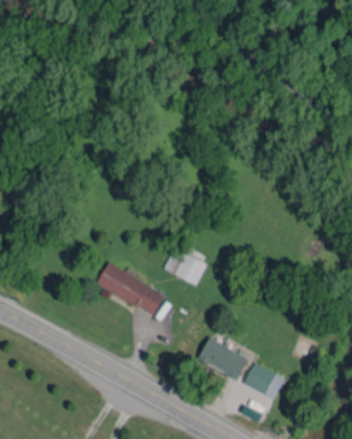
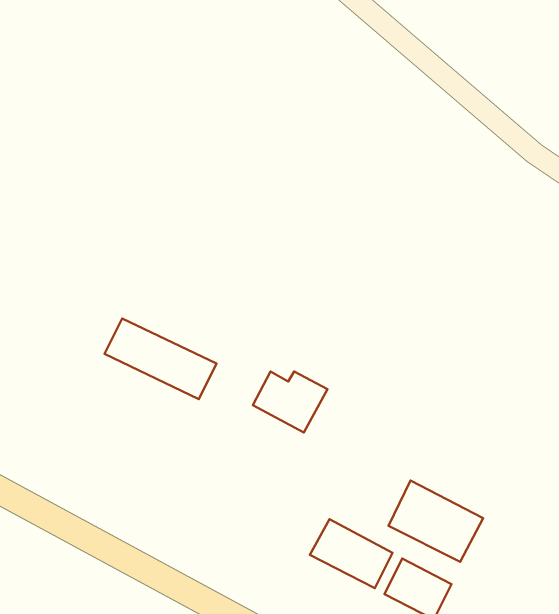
building: [96,264,165,314] -> [104,318,217,399]
building: none -> [388,480,483,562]

